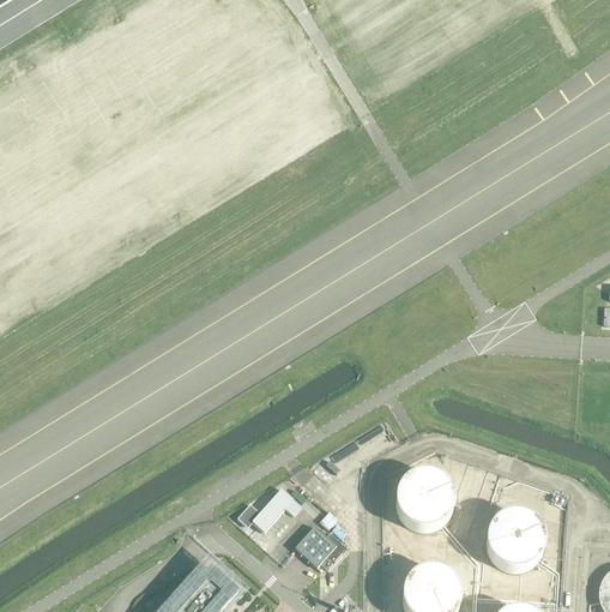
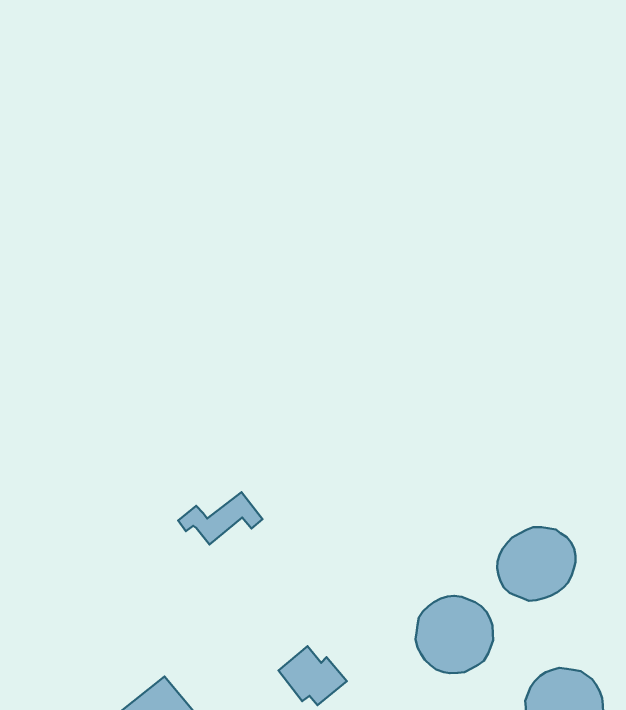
building: none -> [497,527,576,601]
building: [238,487,302,530] -> [178,492,263,544]

